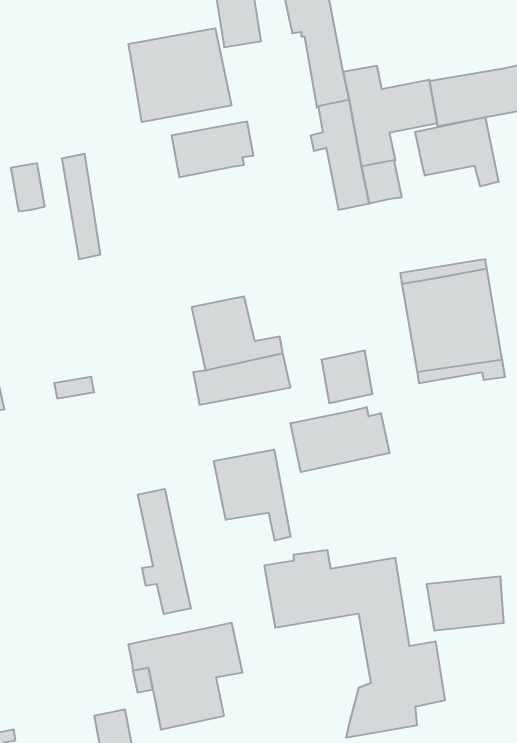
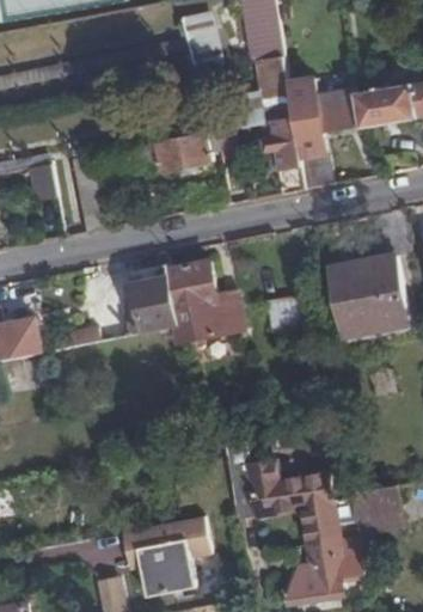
building: [128,28,232,122] -> none
building: [415,117,499,186] -> none
building: none -> [122,263,179,330]
building: [290,407,390,472] -> none
building: [214,449,291,541] -> none
building: [138,489,191,614] -> none

